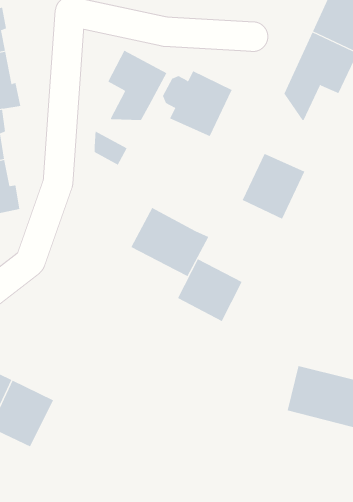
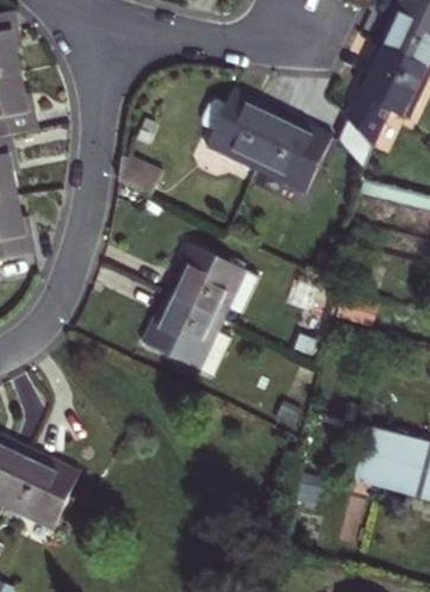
building: [107,50,167,121] -> none
building: [242,153,305,219] -> [260,108,334,186]
building: [177,258,242,322] -> [143,292,219,366]

